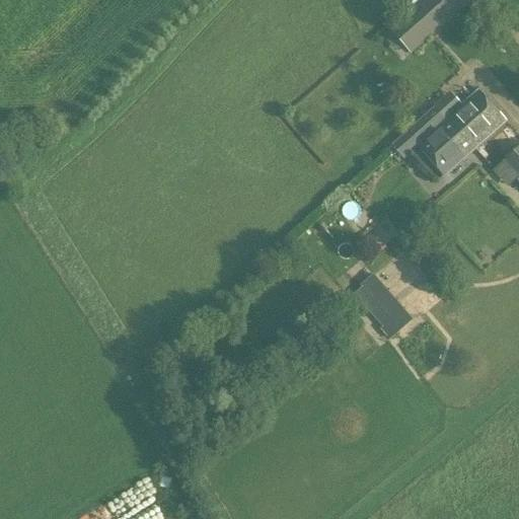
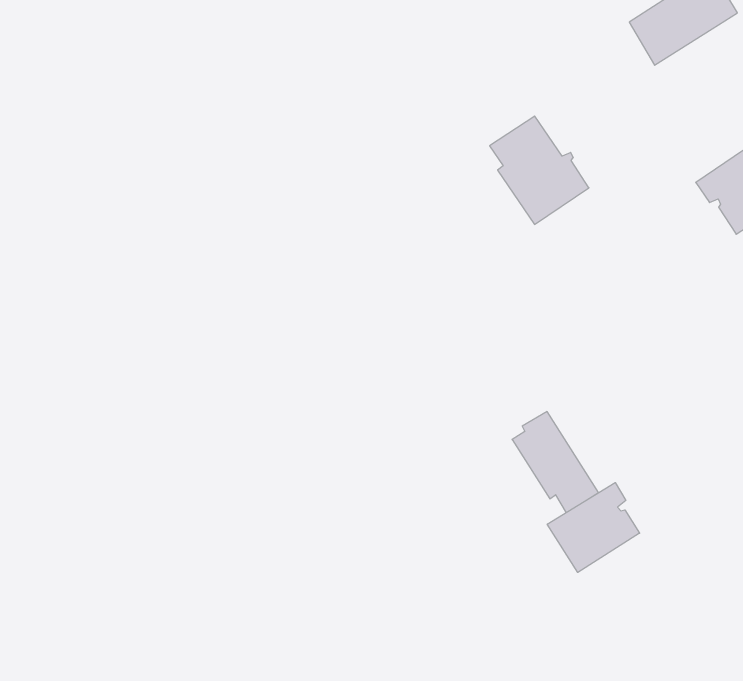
building: [410,108,474,175] -> [490,116,589,224]
building: none -> [547,483,640,572]

